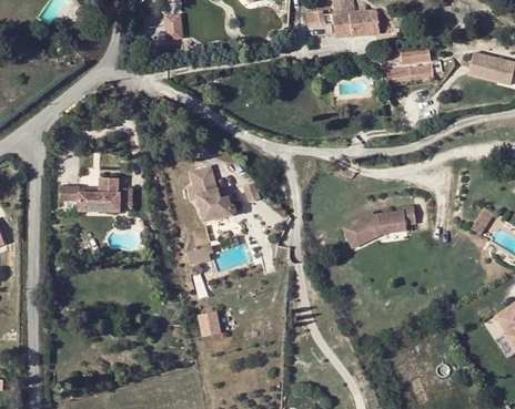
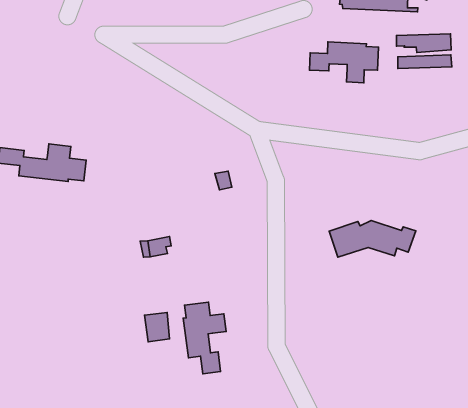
building: none -> [309,42,378,83]
building: [188,166,235,226] -> none
building: none -> [183,302,226,374]

